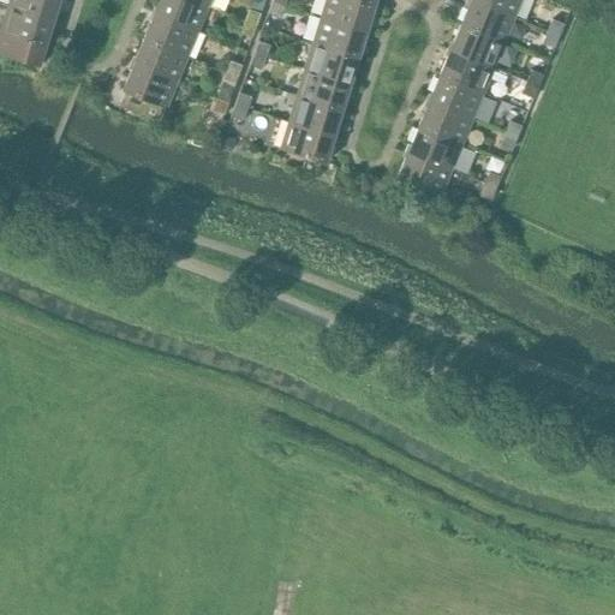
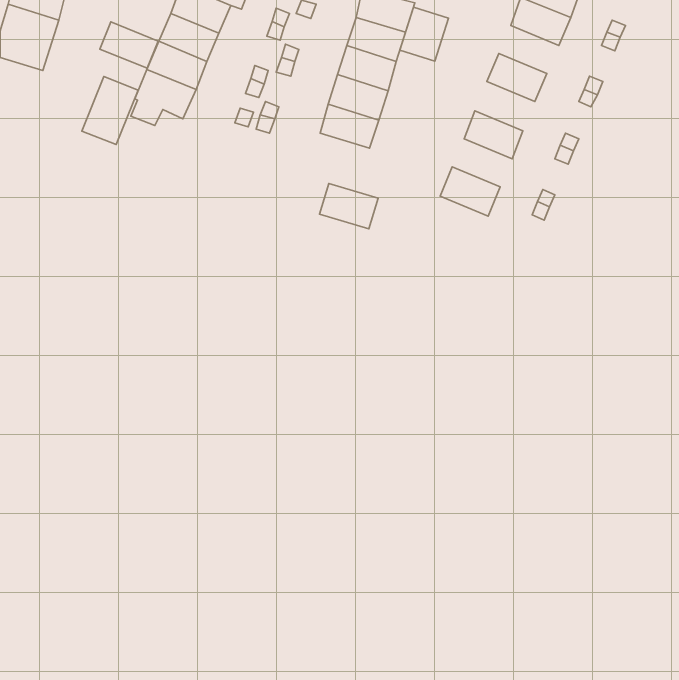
building: none -> [400,7,449,61]
building: none -> [100,22,158,68]
building: [452,23,506,66] -> none
building: none -> [82,77,138,145]
building: [430,73,484,118] -> none
building: [282,120,335,161] -> [320,184,378,229]
building: [410,125,464,168] -> none

